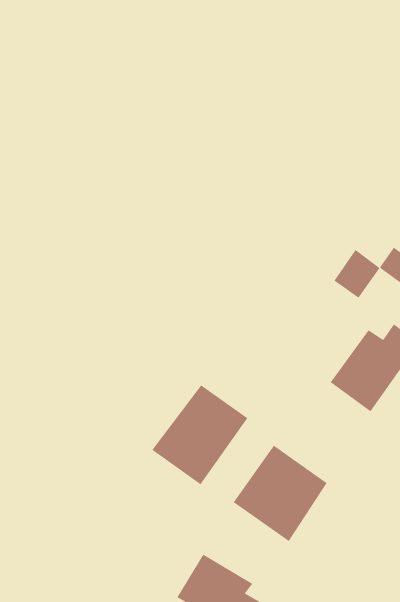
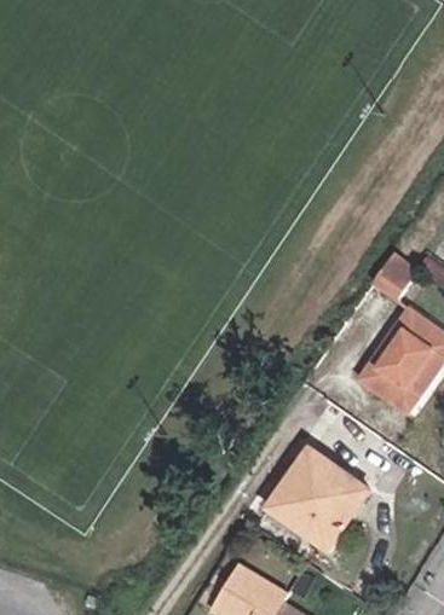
building: none -> [358,313,431,388]
building: [152,385,248,485] -> none

